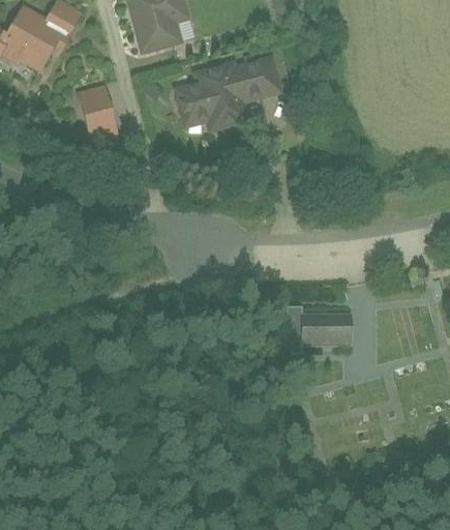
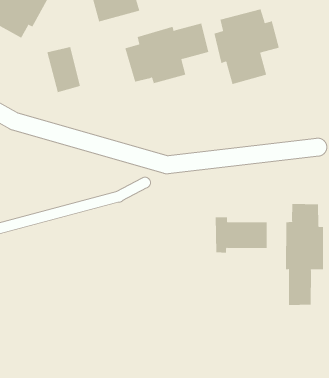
building: none -> [214,9,279,85]
building: none -> [285,203,323,306]

